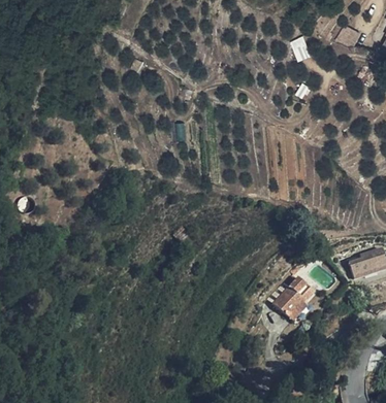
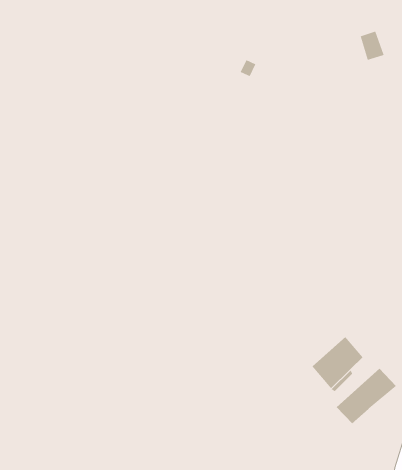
building: none -> [336,368,397,424]

